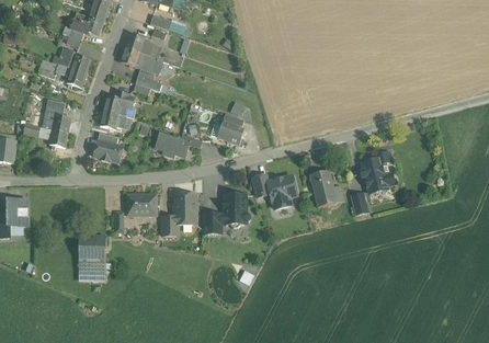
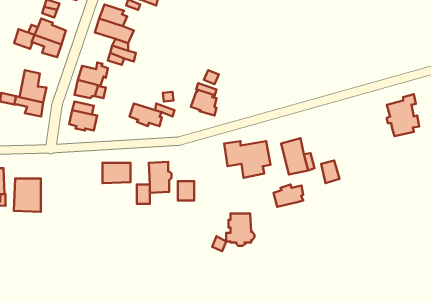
building: [361,150,394,193] -> [387,94,419,136]
building: [220,194,249,227] -> [226,213,254,246]
building: none -> [274,184,303,207]
building: [78,236,105,270] -> [14,178,41,212]

